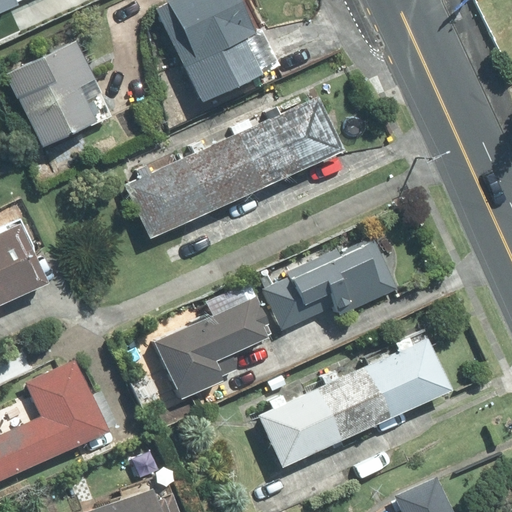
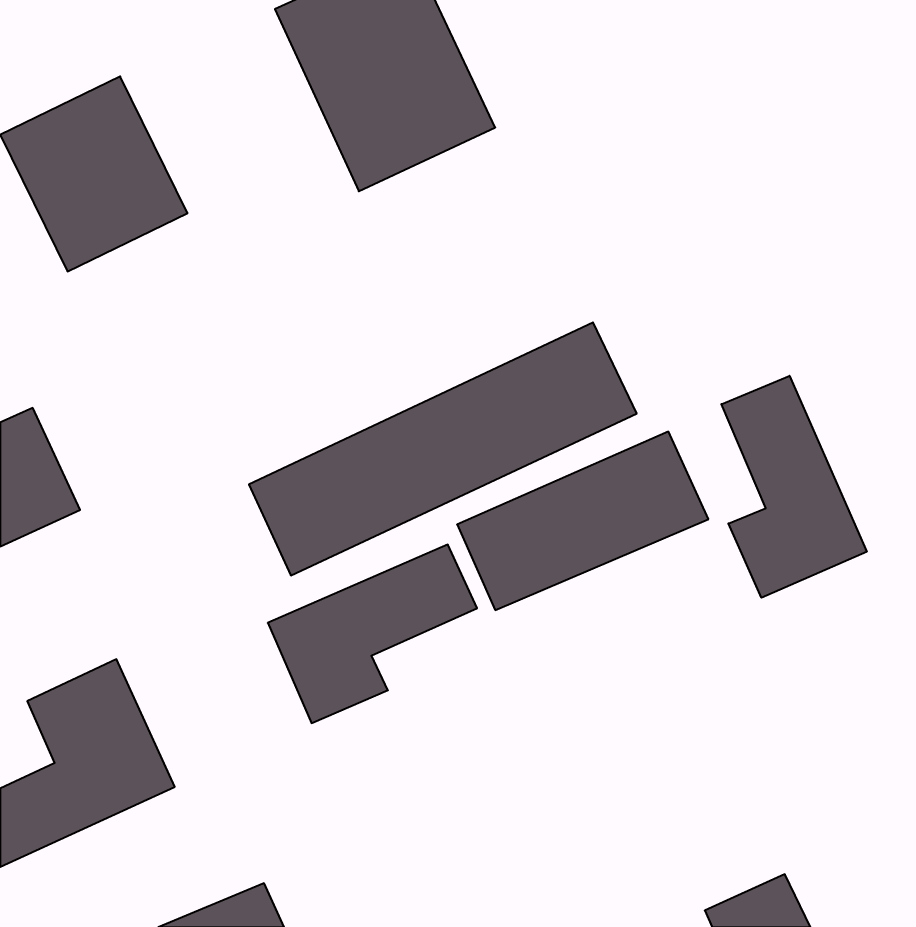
building: [125,100,338,239] -> [249,322,637,575]
building: none -> [721,376,867,598]
building: [254,340,445,464] -> none

